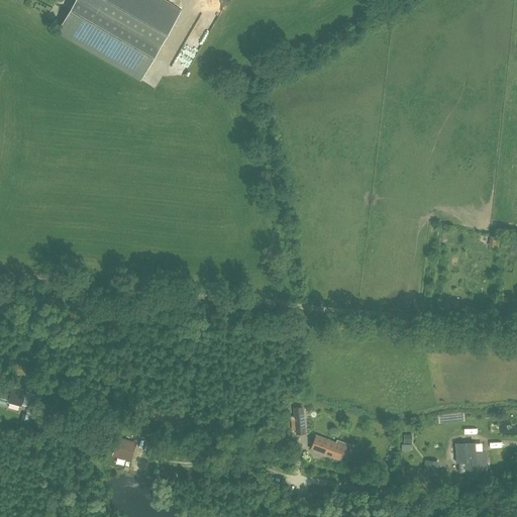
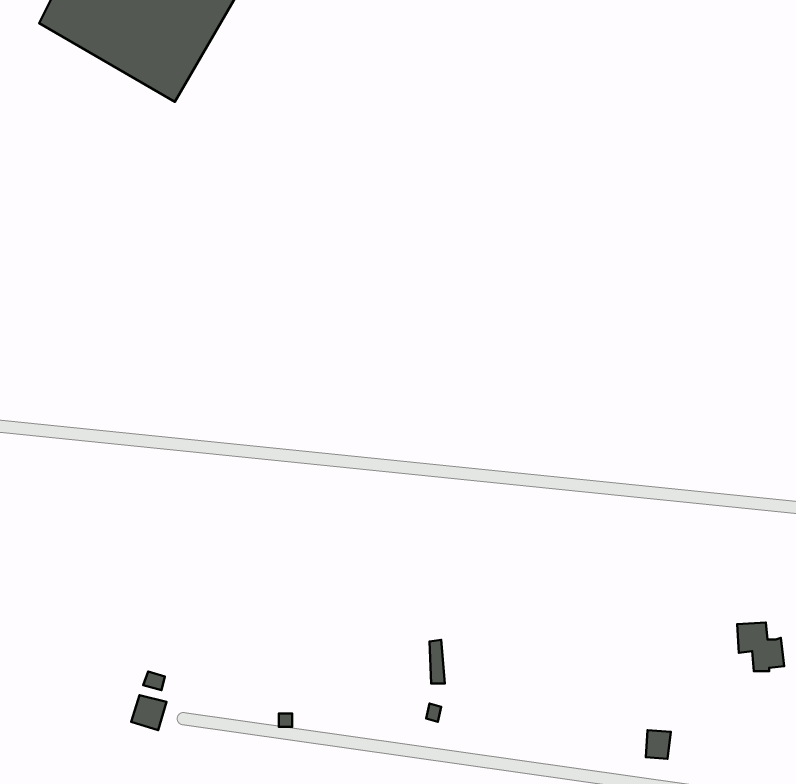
building: [311,434,350,458] -> none
building: [457,443,486,473] -> [737,623,784,671]

